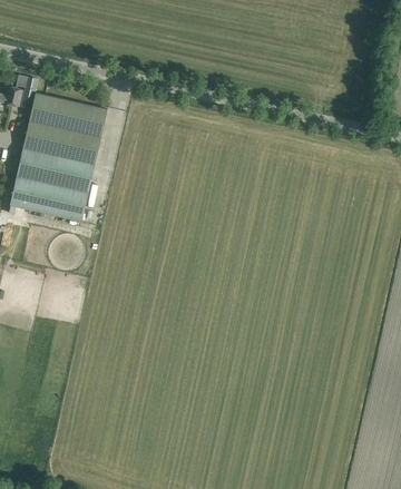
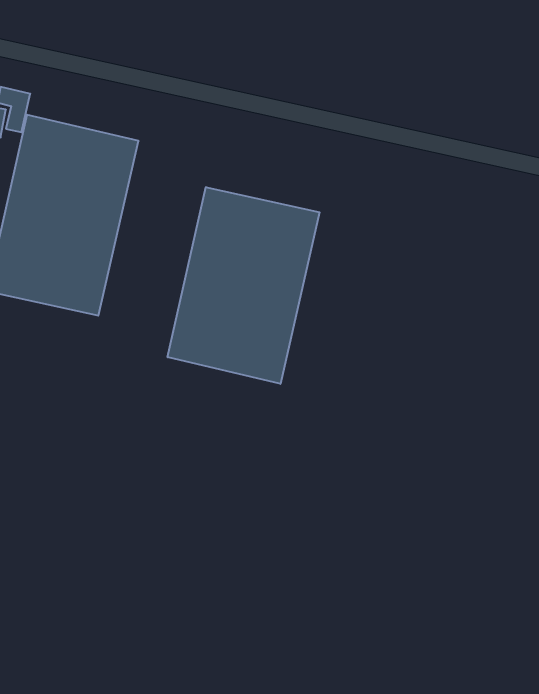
building: none -> [168,187,320,384]

